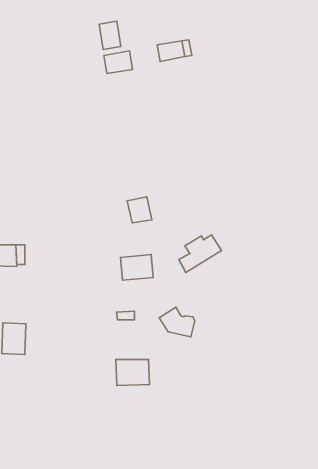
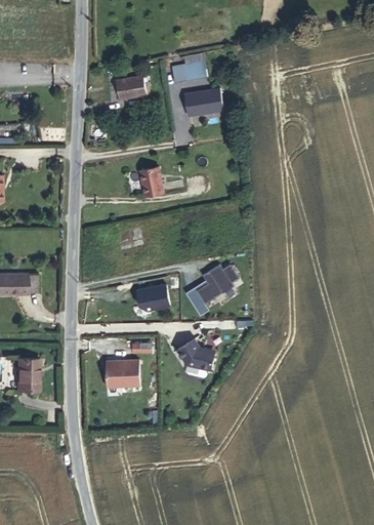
building: [99,21,121,50] -> none
building: none -> [182,86,223,117]
building: [127,197,152,223] -> [139,166,165,193]
building: [116,360,150,385] -> [103,360,138,387]

